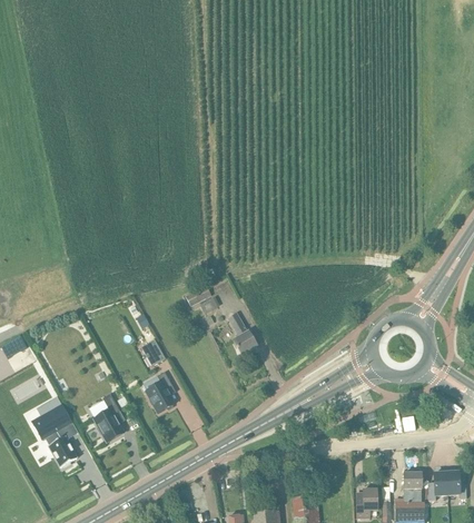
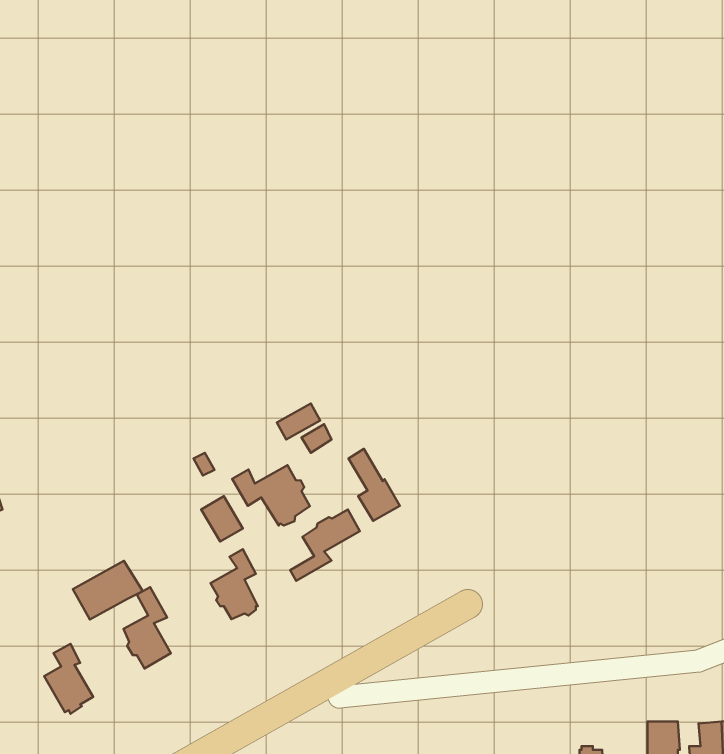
building: none -> [232,465,310,526]
building: none -> [290,510,360,581]
building: [31,405,72,440] -> [73,561,143,620]

